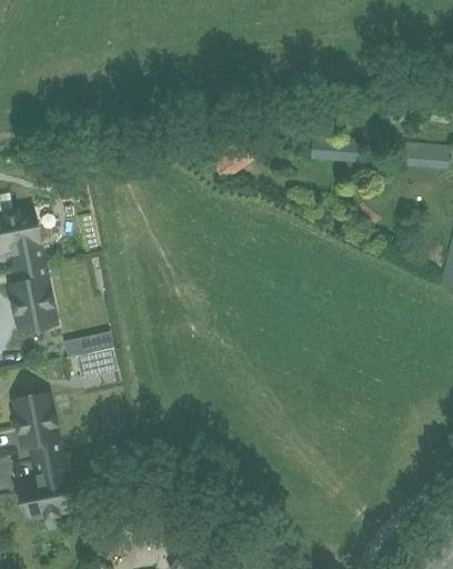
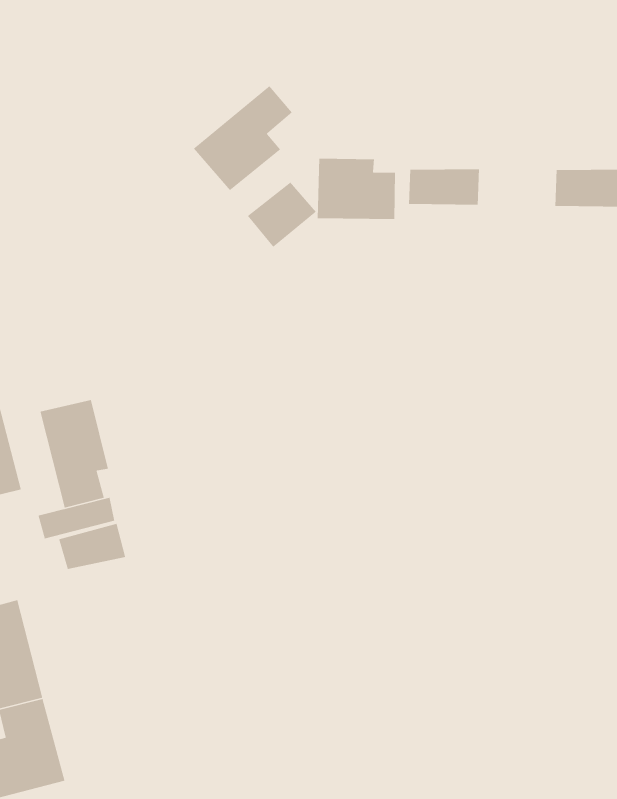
building: none -> [193,85,293,191]
building: none -> [317,158,396,220]
building: none -> [40,399,109,509]

